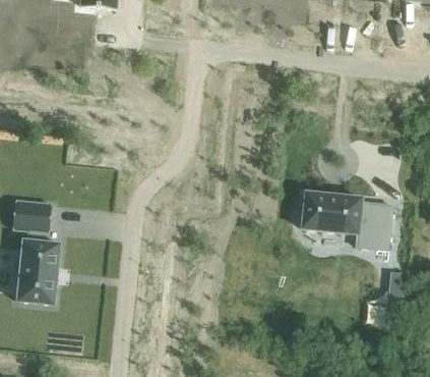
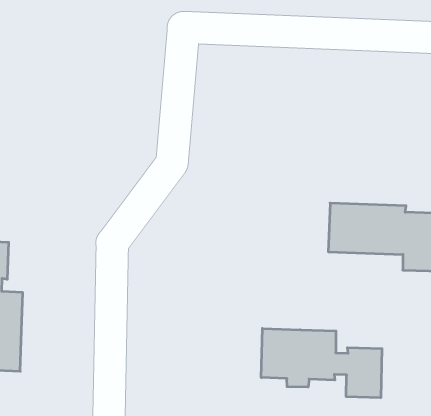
building: none -> [261,328,382,398]

